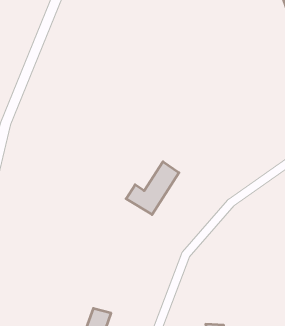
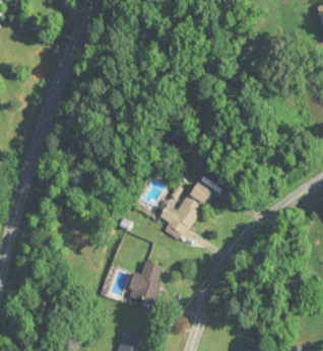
building: none -> [127,261,165,304]

